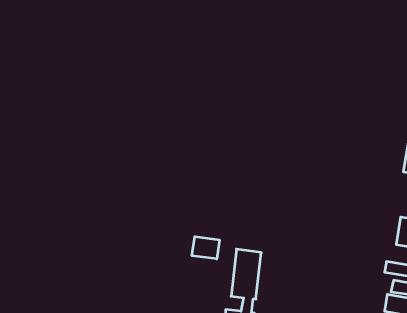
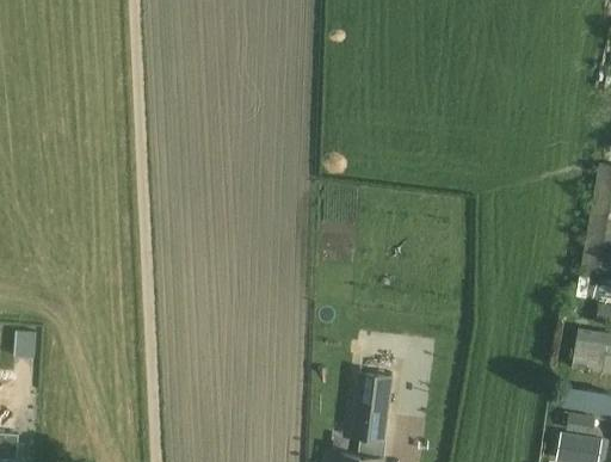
building: [192,237,219,259] -> none

